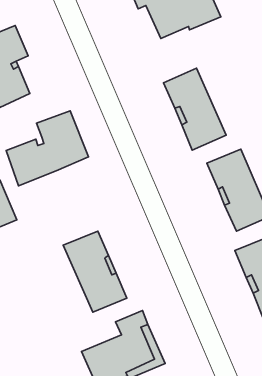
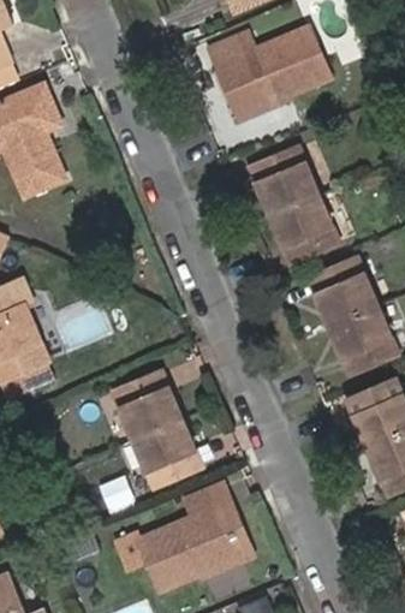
building: none -> [215,61,288,120]
building: [6,111,89,186] -> none

